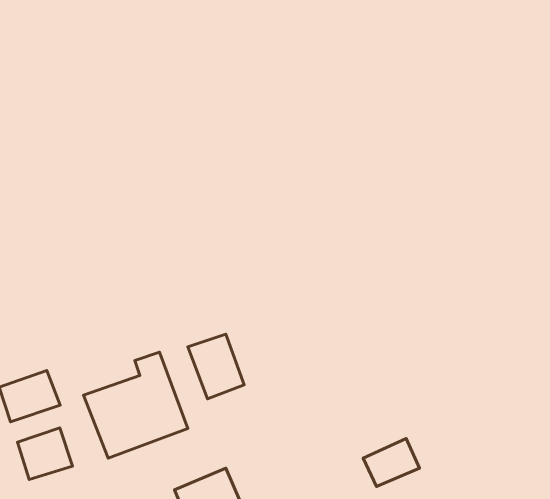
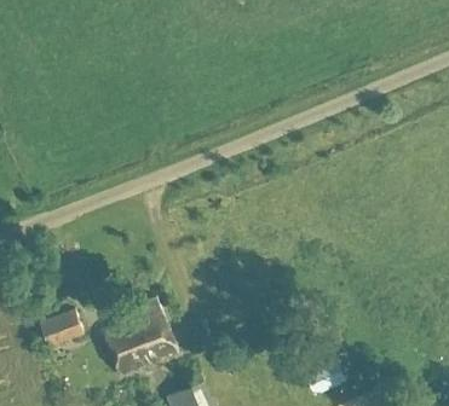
building: [188,334,244,399] -> none
building: [17,428,73,479] -> none

